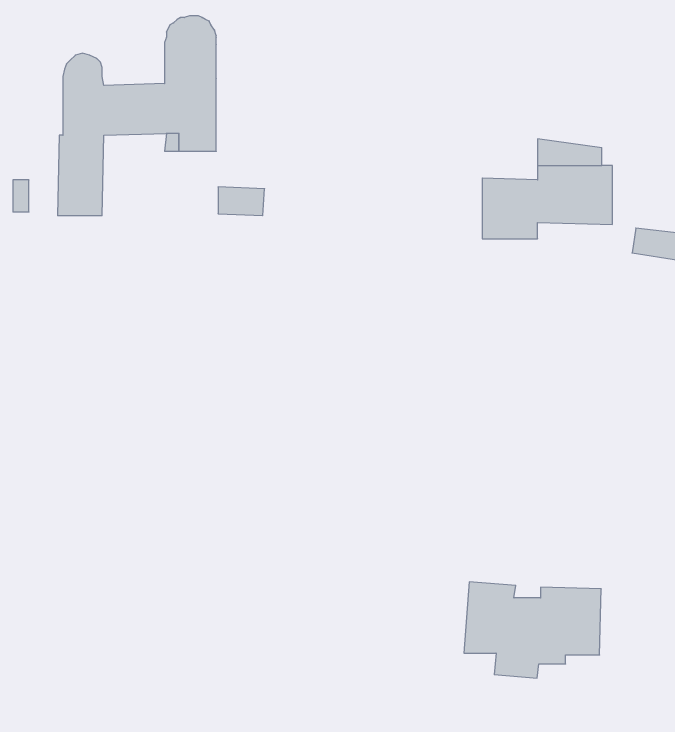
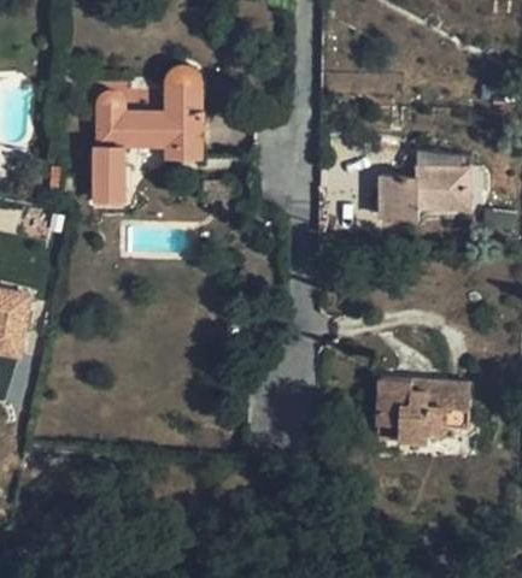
building: [464,582,601,678] -> [376,378,469,443]

